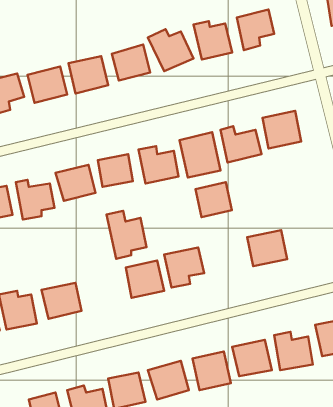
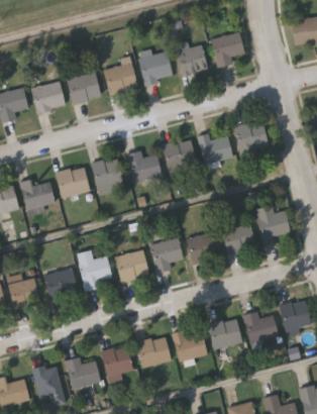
building: [196,182,232,217] -> [187,233,218,264]
building: none -> [256,206,290,245]
building: [107,211,146,259] -> [78,250,112,292]

